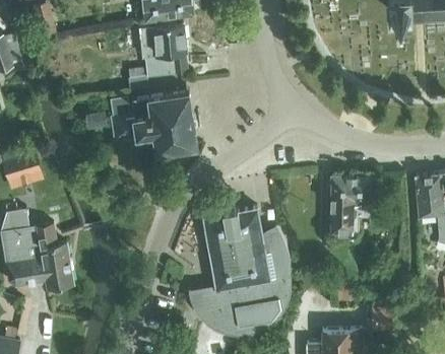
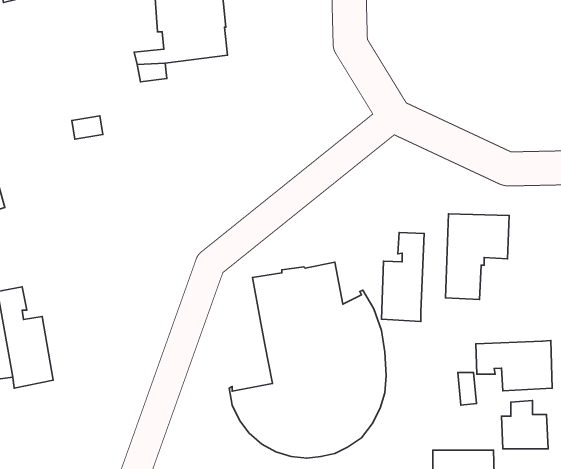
building: [110,91,196,151] -> none
building: none -> [382,232,424,322]
building: none -> [476,340,552,391]

